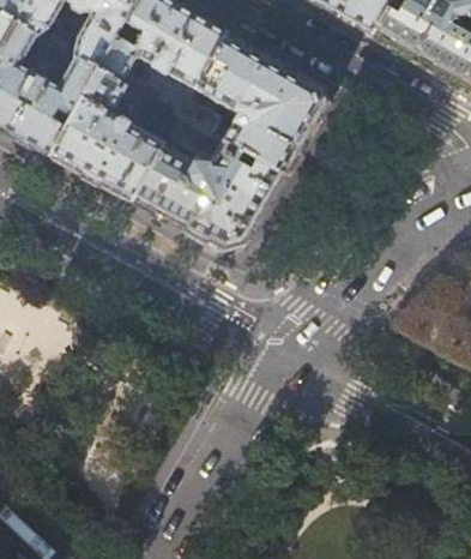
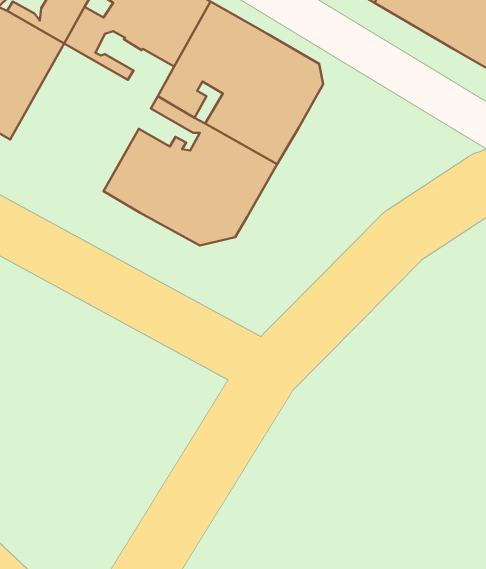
building: [44,66,163,197] -> none

